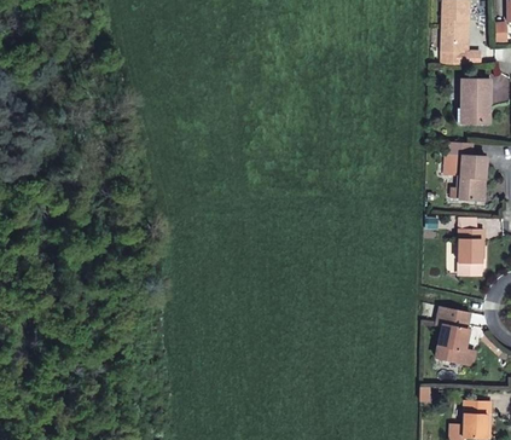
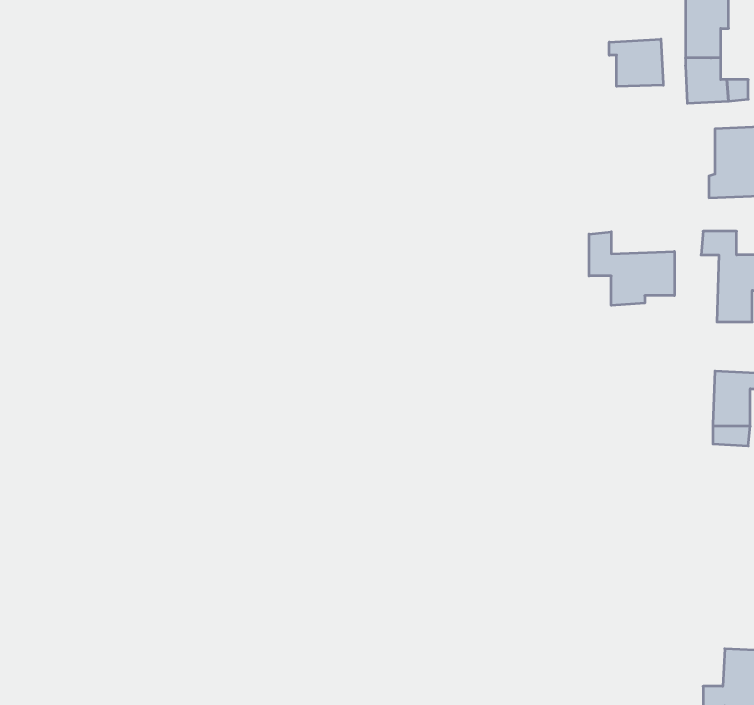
building: none -> [609,39,663,86]
building: none -> [589,232,674,305]
building: [436,303,469,360] -> none

